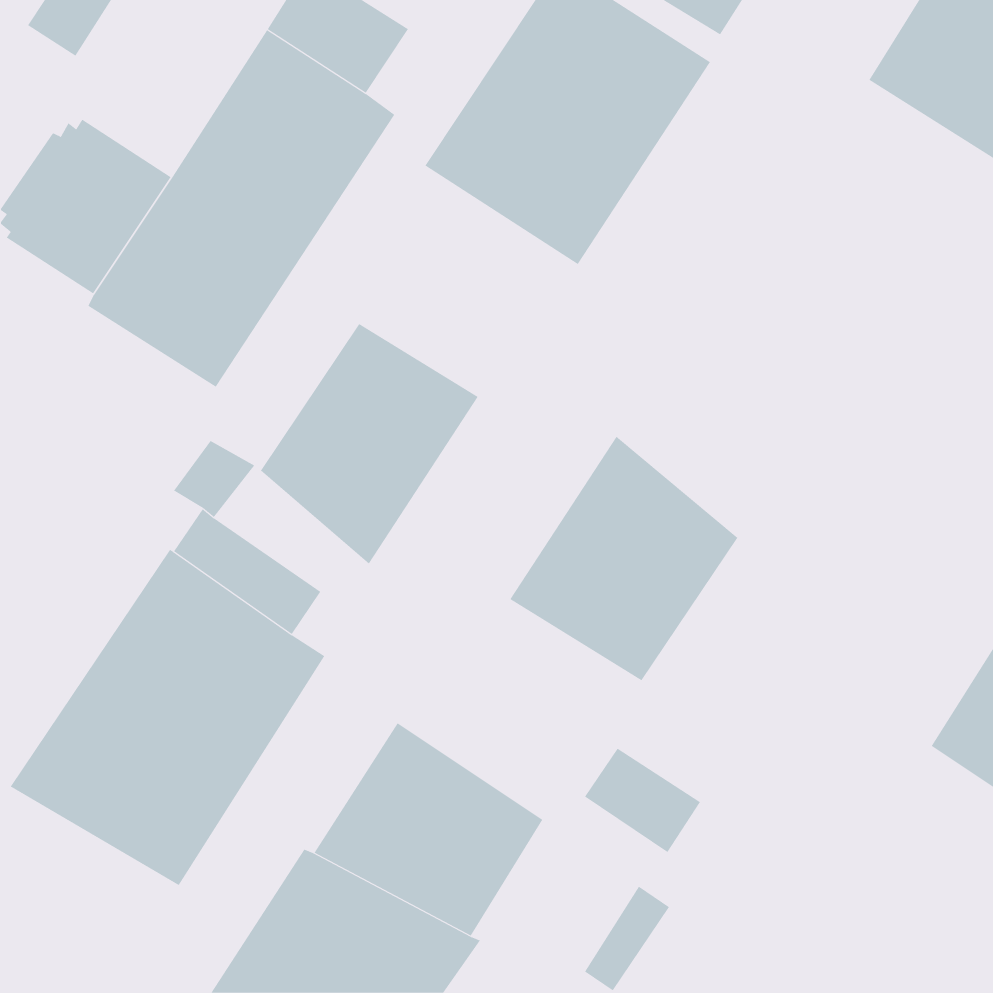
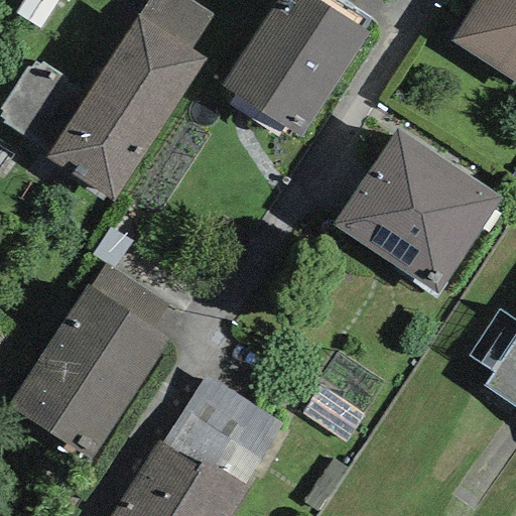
building: none -> [333,129,500,293]
building: [260,323,479,565] -> none
building: [509,436,738,681] -> none

